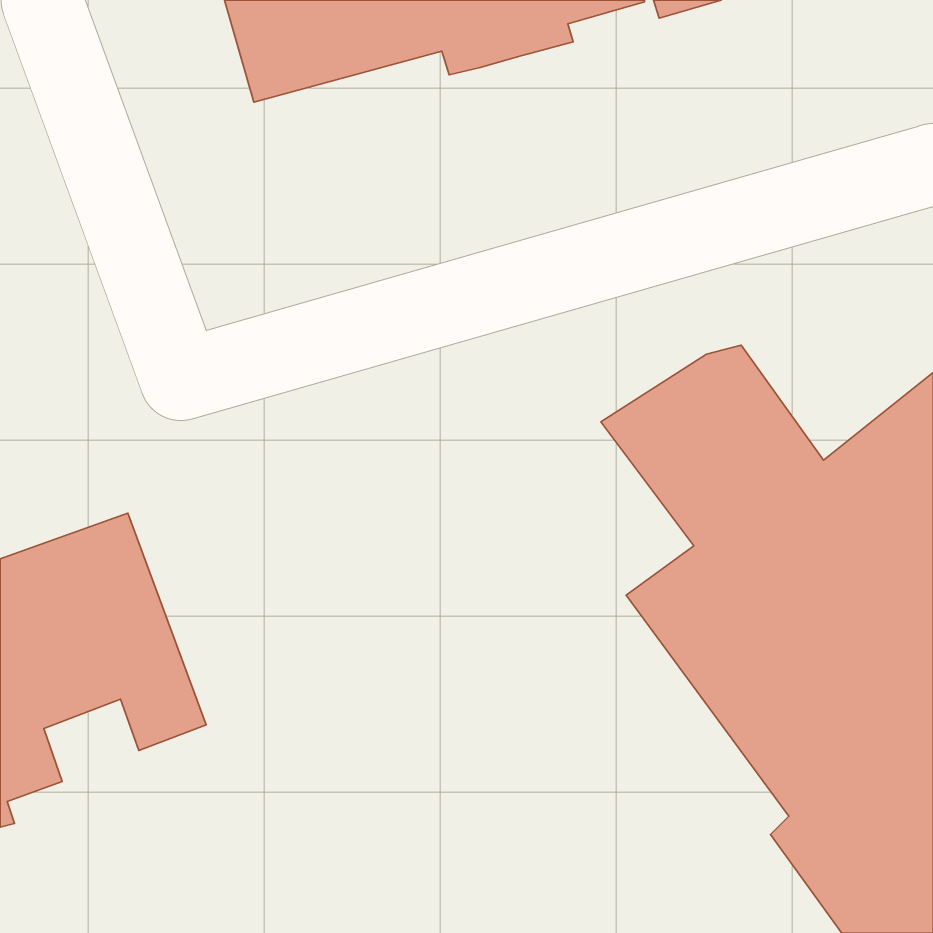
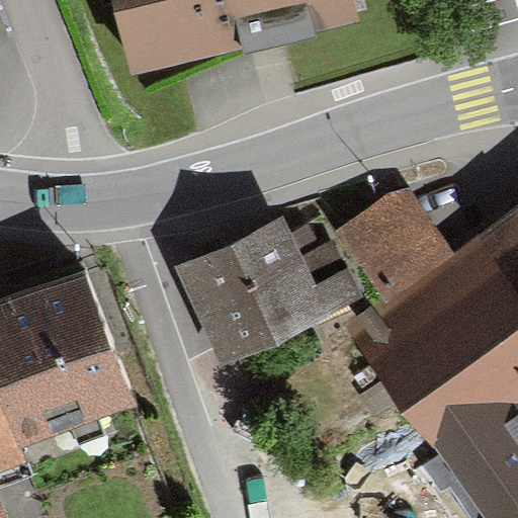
building: none -> [175,214,362,364]

